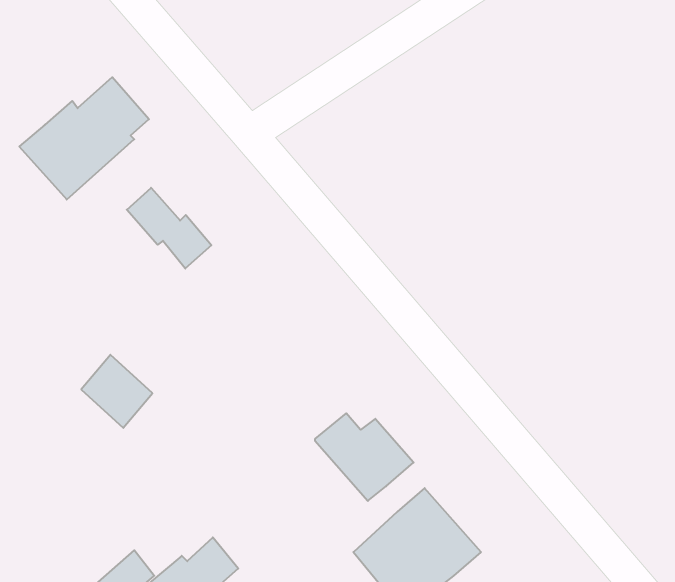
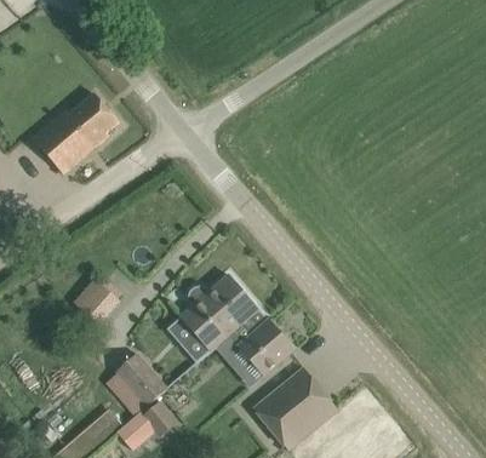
building: [127,188,211,269] -> none
building: none -> [177,274,267,351]
building: none -> [107,353,165,412]

